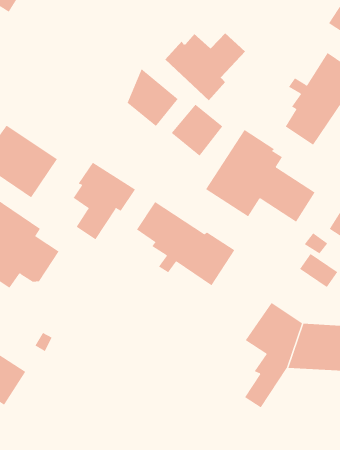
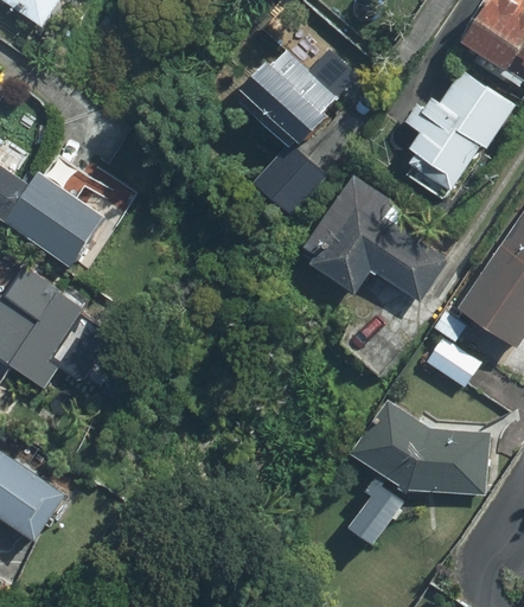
building: [127,68,179,127] -> none
building: [73,162,136,240] -> none
building: [136,201,235,286] -> none

